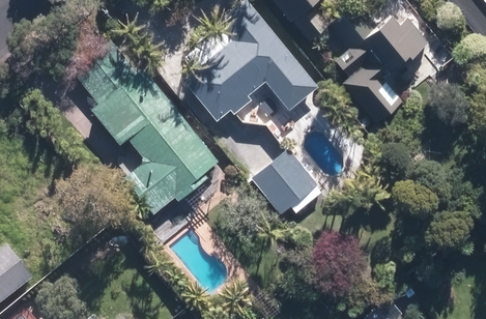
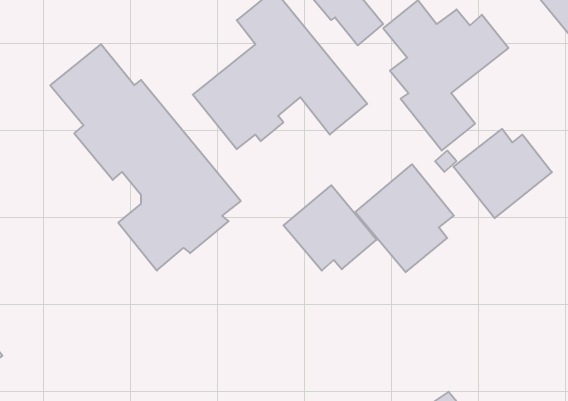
building: none -> [453,129,552,218]
building: none -> [355,164,454,272]

